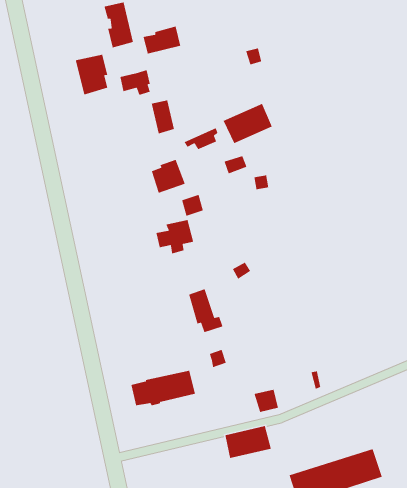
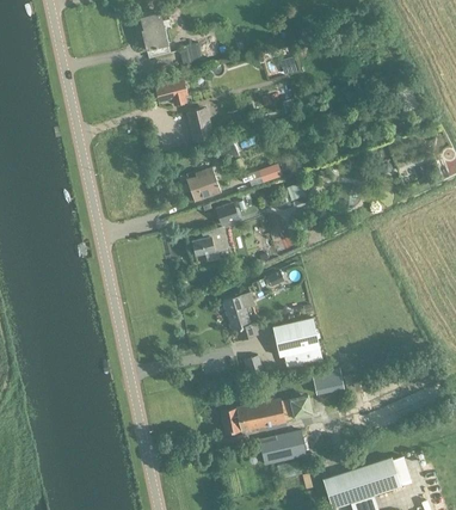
building: [75,54,108,96] -> none
building: [223,103,273,144] -> none
building: none -> [271,317,321,367]
building: none -> [312,369,344,397]
building: [131,370,196,406] -> [221,399,285,435]

